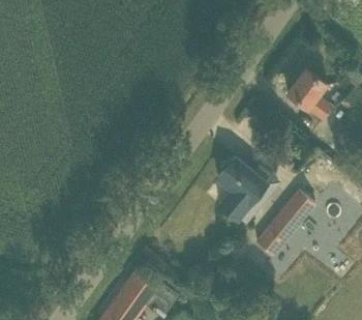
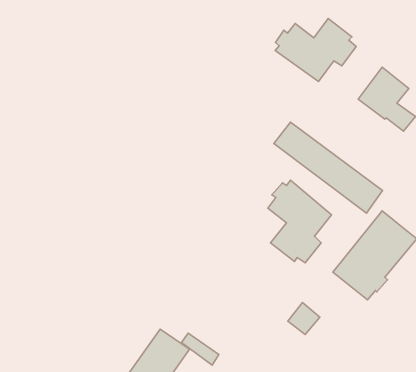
building: none -> [275,19,356,82]
building: none -> [274,122,382,213]

